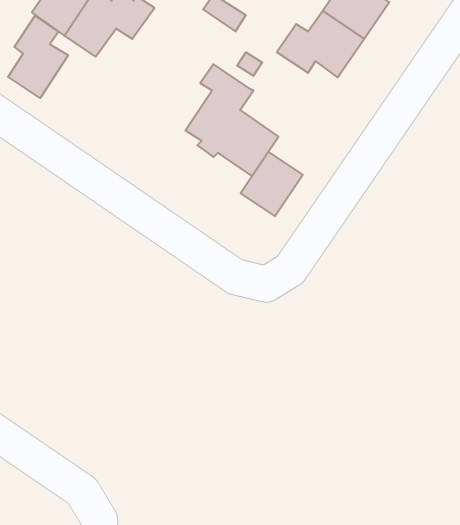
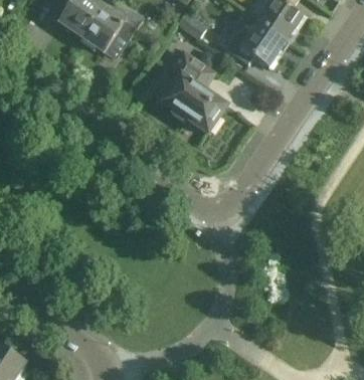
building: [8,16,68,98] -> none
building: [241,152,303,216] -> none

